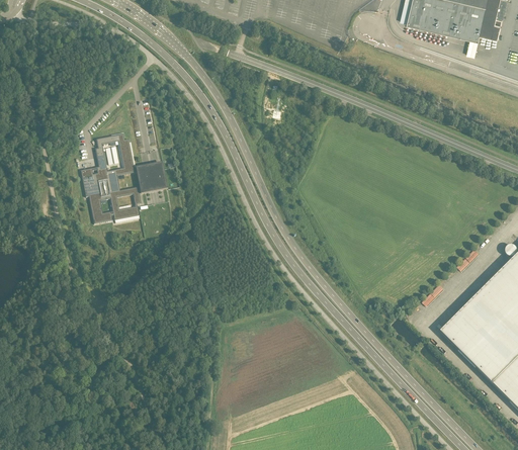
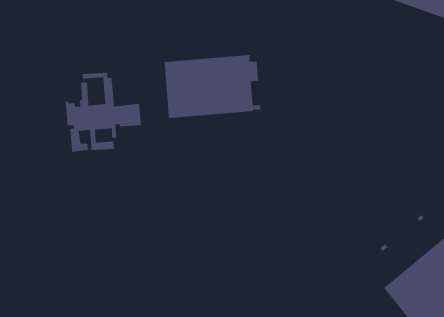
building: none -> [164,54,261,119]

